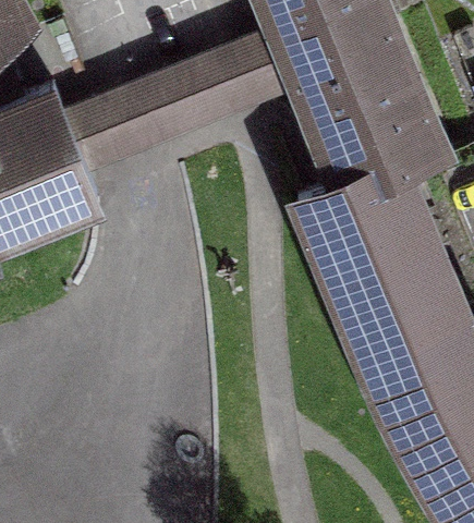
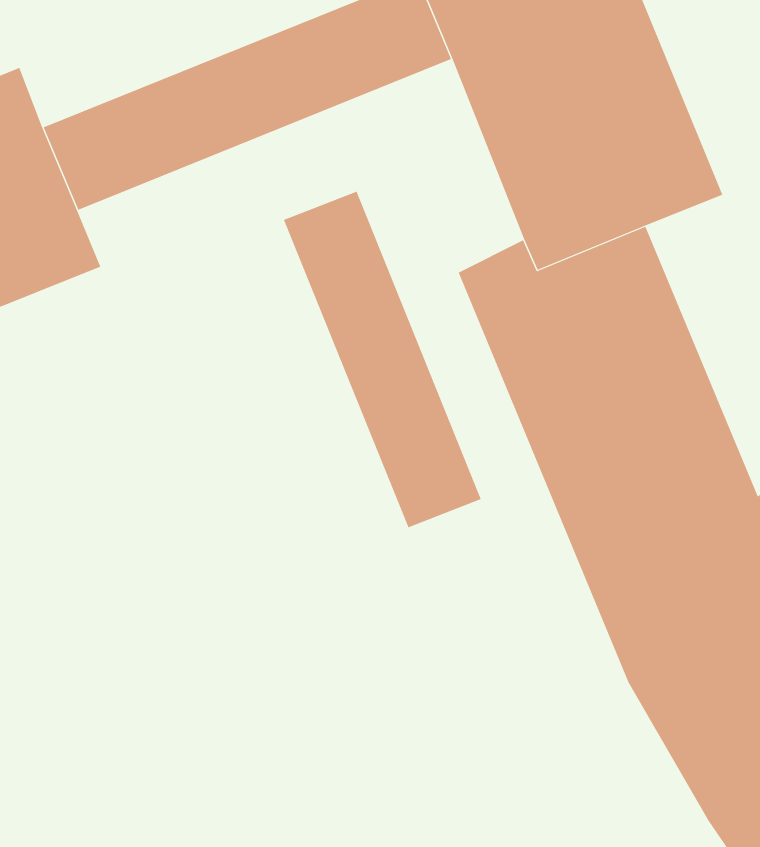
building: none -> [283,191,482,528]

